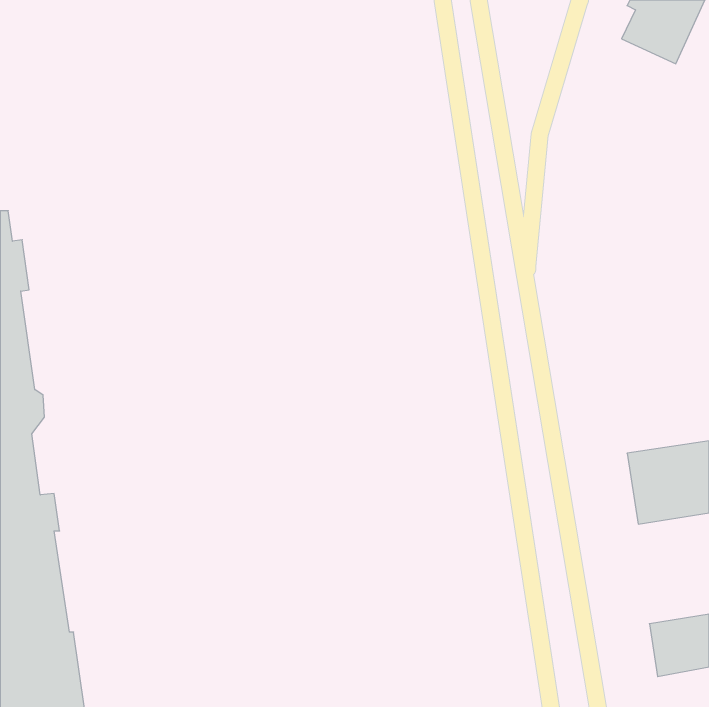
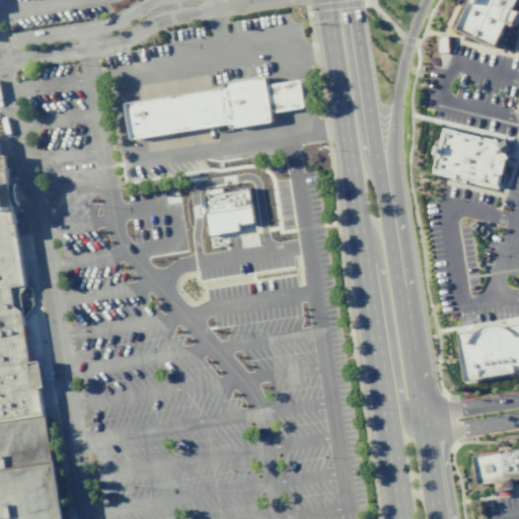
building: none -> [124,75,304,141]
building: none -> [432,129,513,190]
building: none -> [200,189,252,237]

